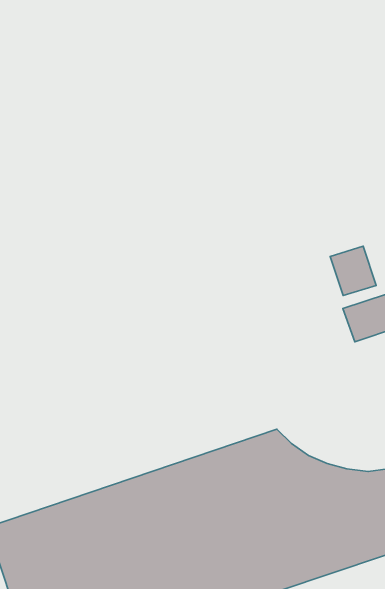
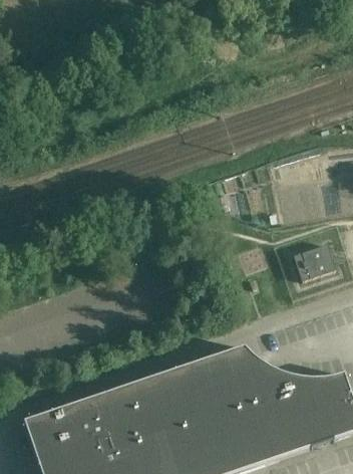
building: [330,246,376,296] -> none

